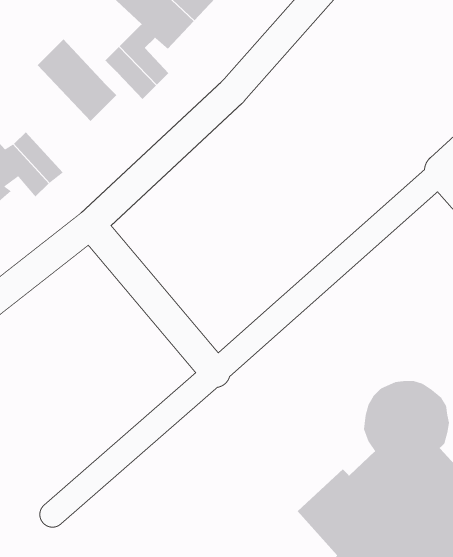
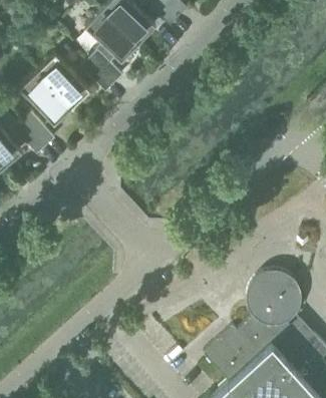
building: none -> [20,71,72,124]

